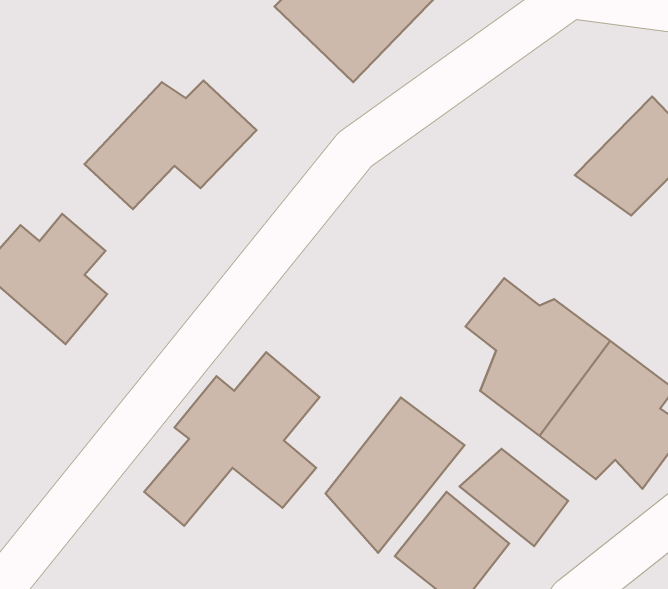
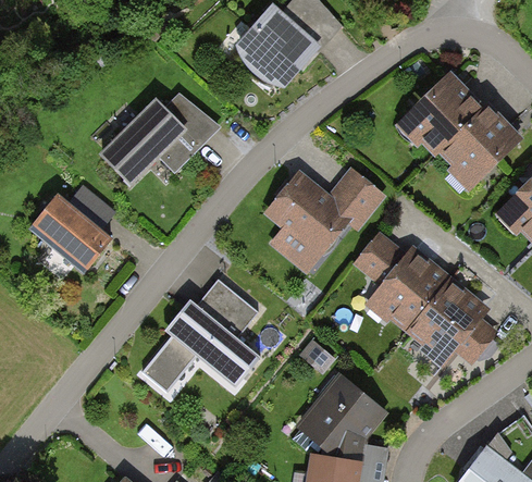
building: none -> [395,73,482,160]
building: none -> [269,166,394,269]
building: [325,397,464,553] -> none
building: [460,449,568,546] -> none

